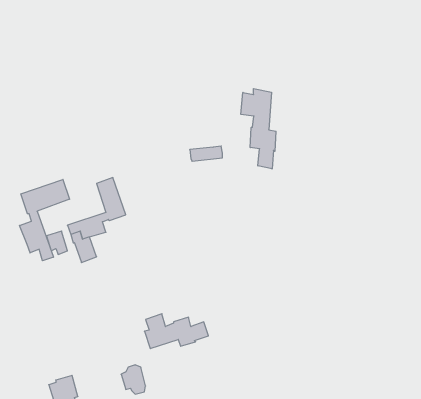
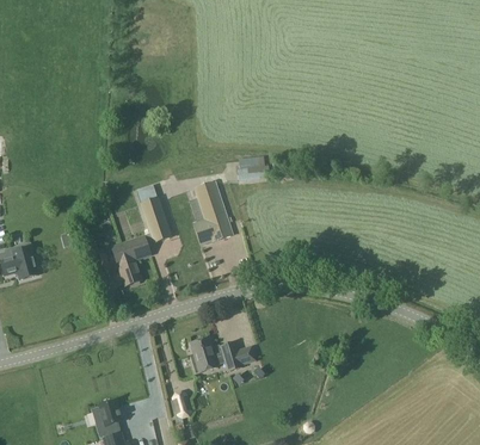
building: [241,89,276,169] -> none
building: none -> [195,180,234,242]
building: [20,179,70,261] -> none

